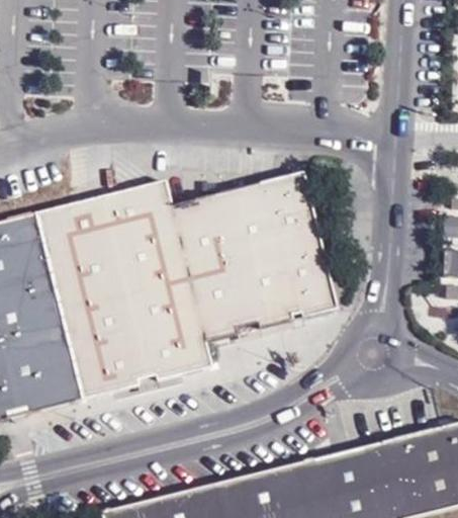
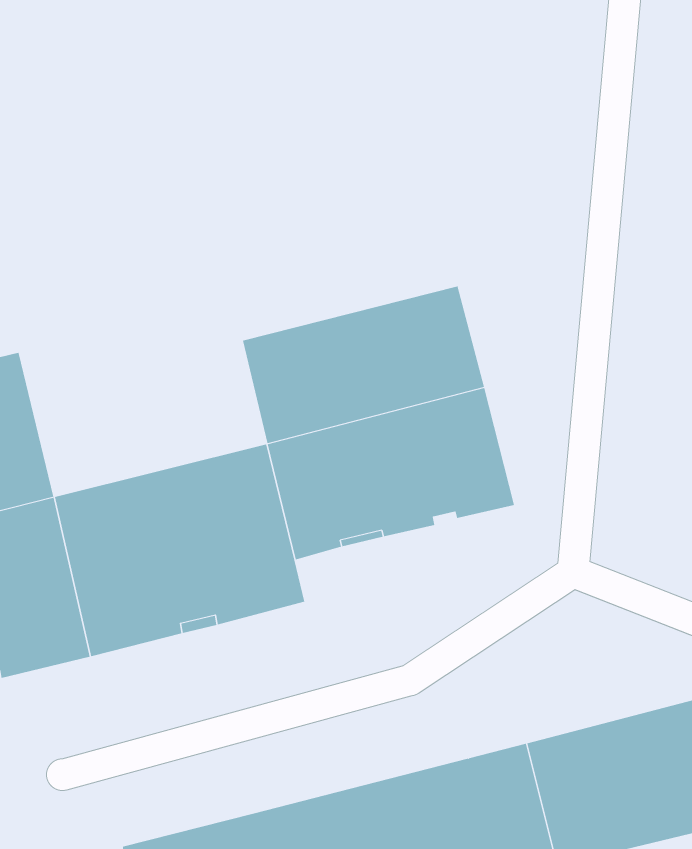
building: [32,181,183,303] -> none

